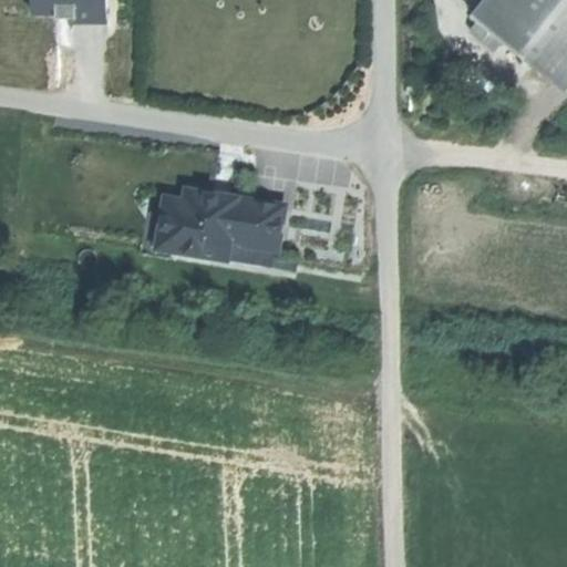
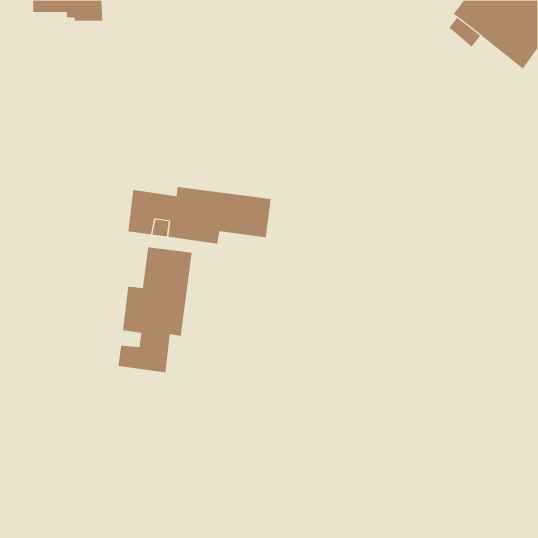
building: none -> [118,246,192,373]

